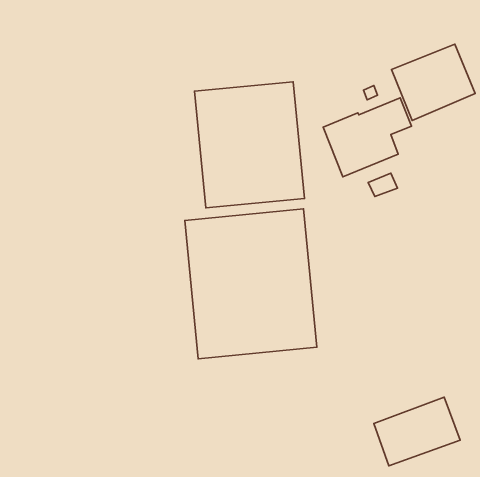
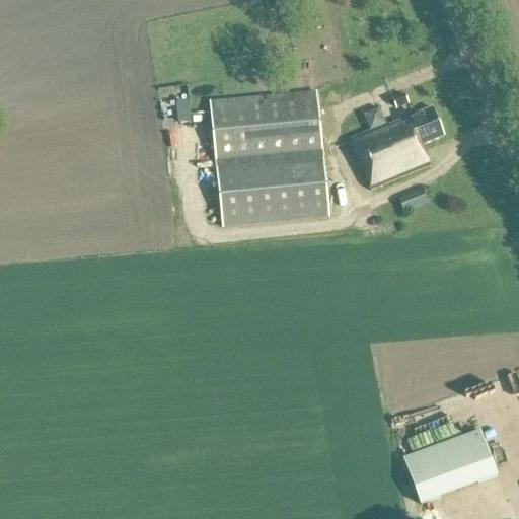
building: [391,44,475,120] -> none
building: [185,209,317,359] -> none

